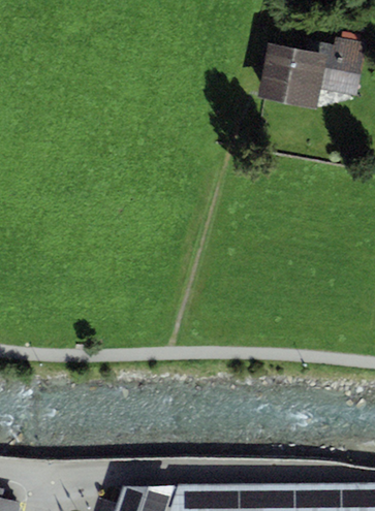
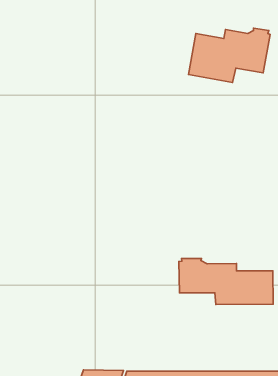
building: none -> [179,258,273,305]

